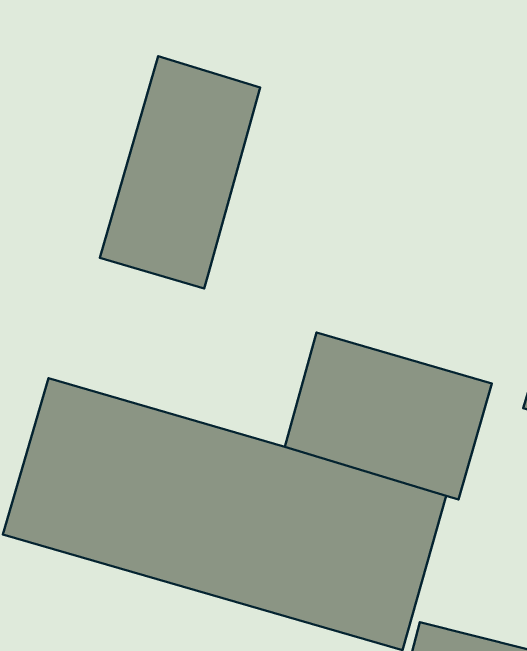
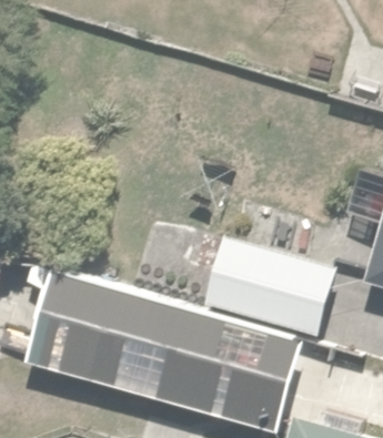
building: [100,56,260,288] -> none

